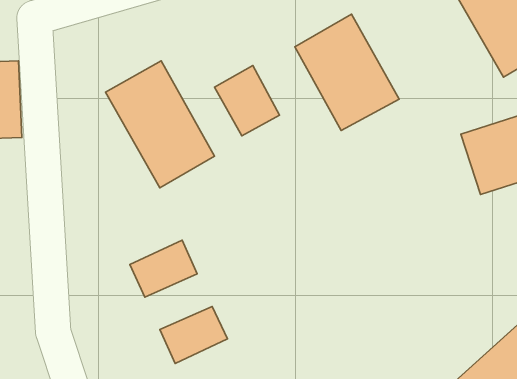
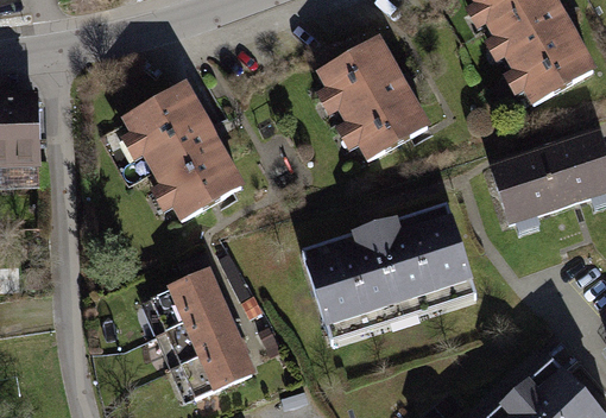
building: [214,66,279,136] -> none
building: none -> [302,201,480,344]
building: none -> [166,306,235,363]

